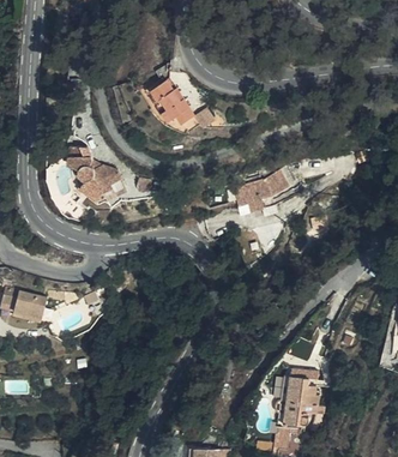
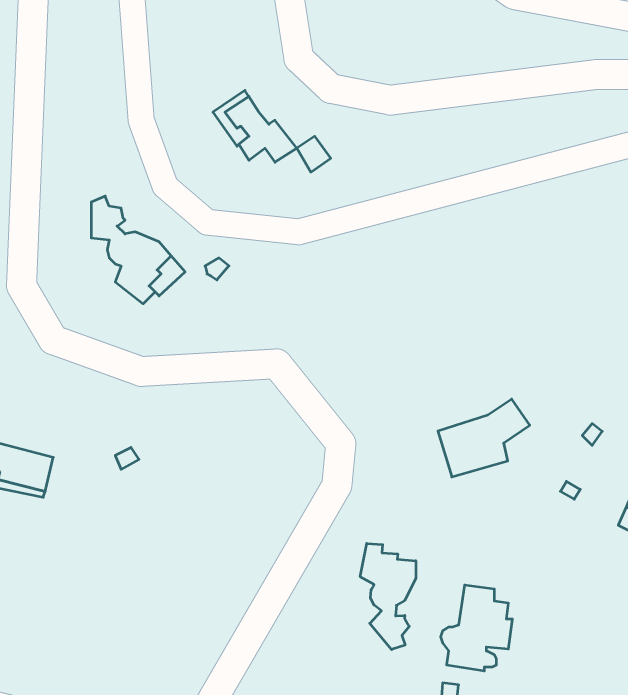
building: [235,167,290,214] -> [438,399,530,477]
building: none -> [360,543,416,650]

